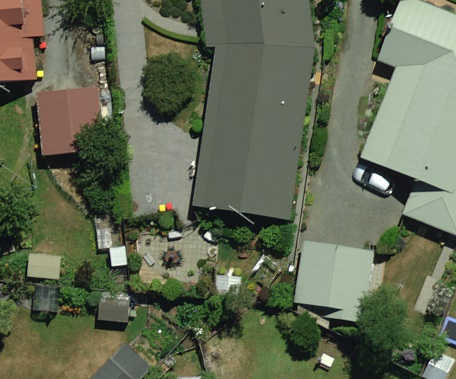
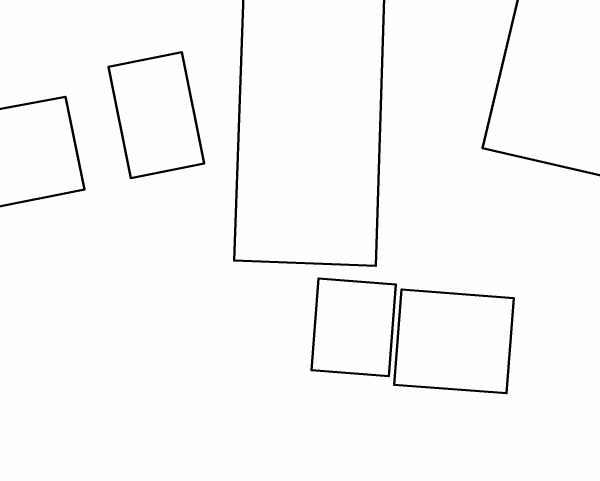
building: none -> [108,52,204,178]
building: none -> [312,279,396,376]

